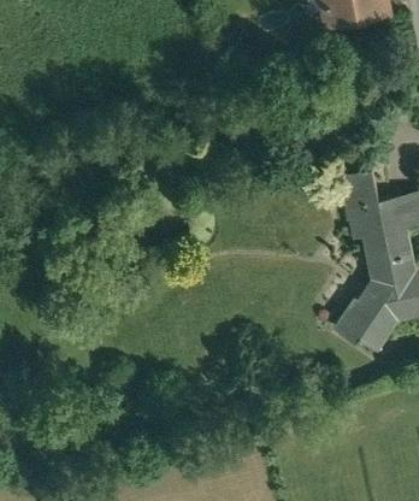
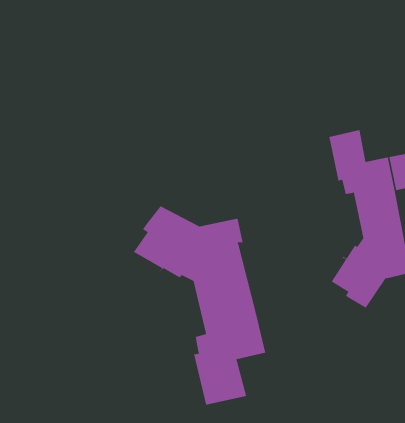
building: none -> [133,205,266,406]

